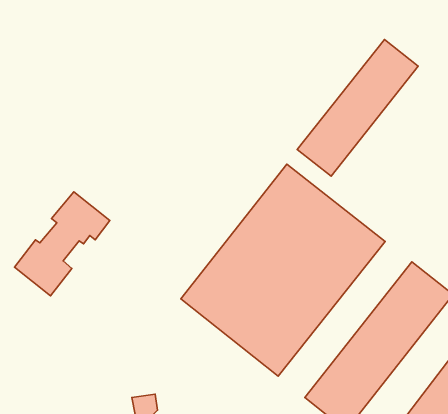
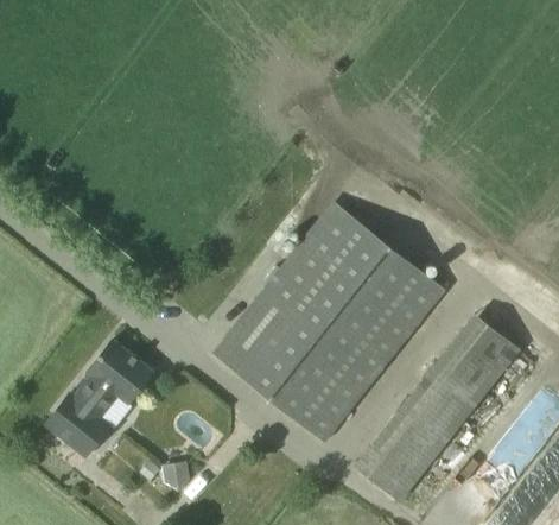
building: [297,40,418,176] -> none
building: [14,192,110,296] -> [45,341,152,457]

